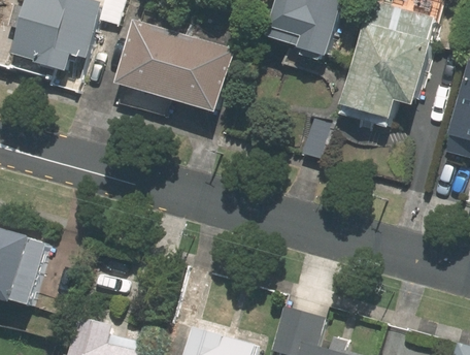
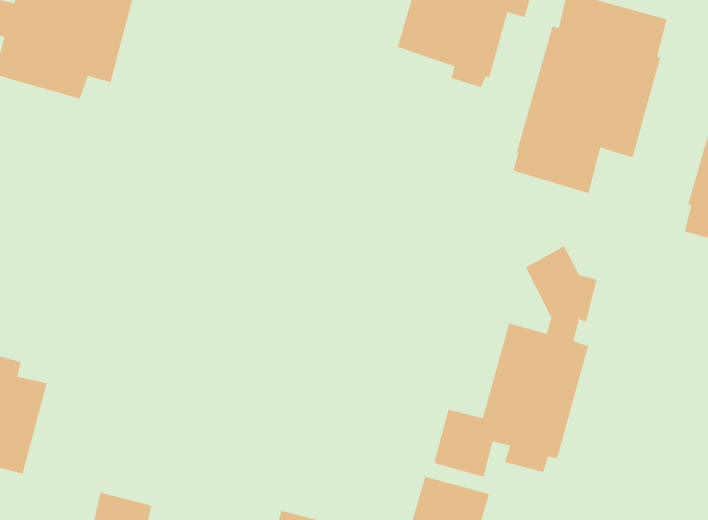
building: [114,21,233,109] -> none
building: none -> [434,245,597,478]

